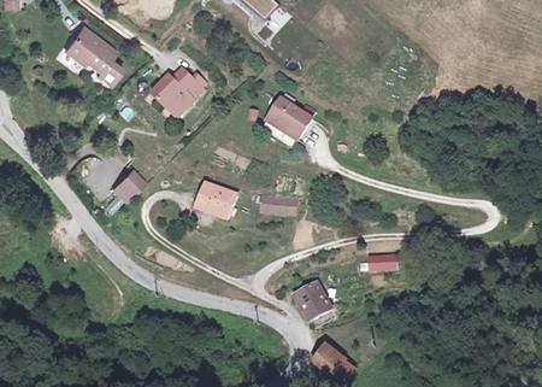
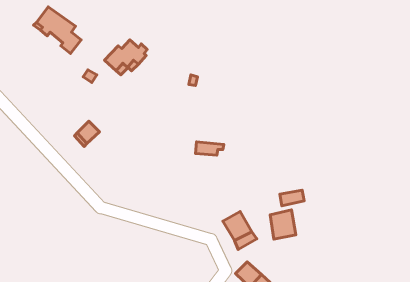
building: [269,96,312,140] -> none
building: [198,182,236,217] -> none
building: none -> [270,210,296,239]

